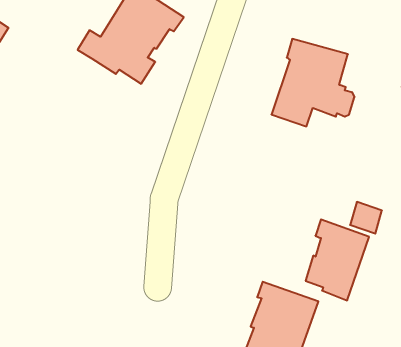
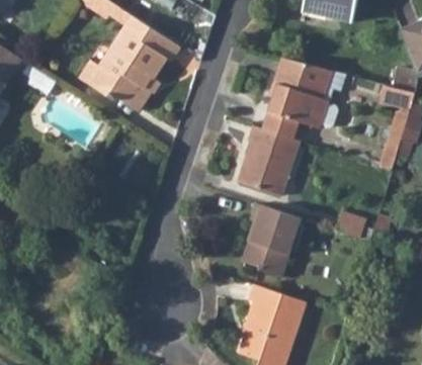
building: none -> [238,129,300,199]
building: [306,219,369,300] -> [241,207,300,282]

